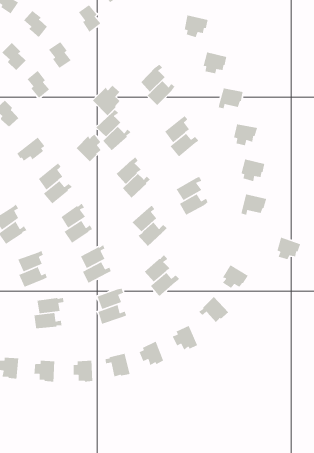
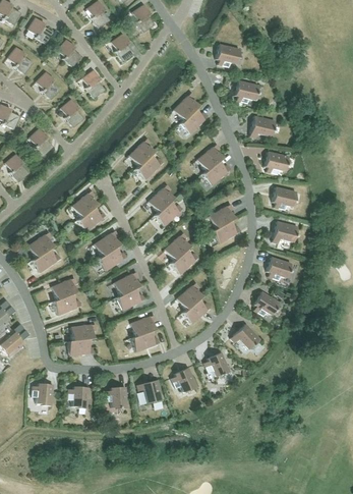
building: [92,84,120,116] -> none
building: [76,134,102,162] -> none
building: [16,136,45,162] -> none
building: [276,237,301,260] -> [267,257,291,280]

